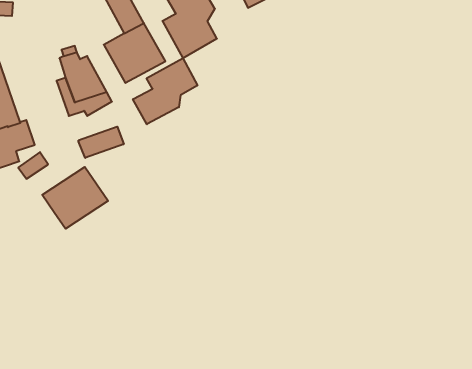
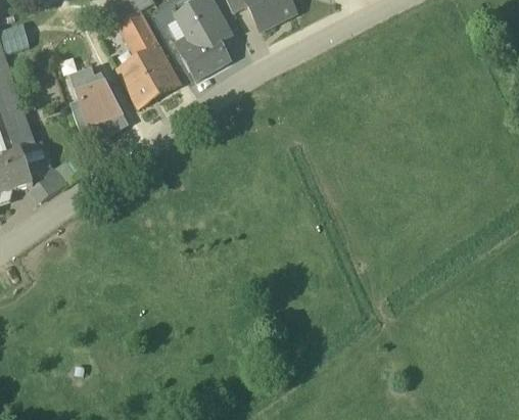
building: [133,58,197,124] -> none
building: [79,127,124,158] -> none
building: [42,167,108,229] -> none

